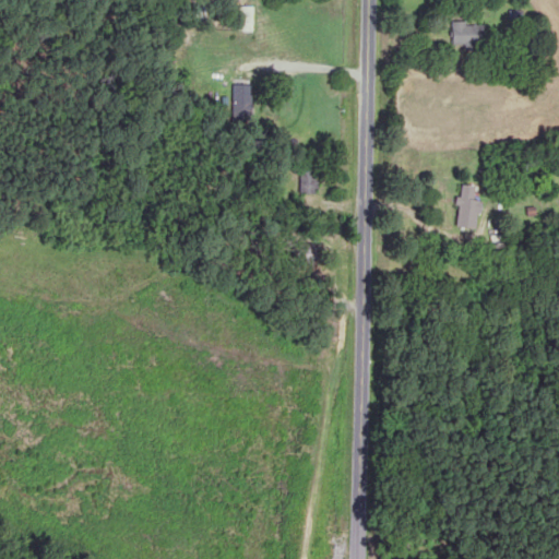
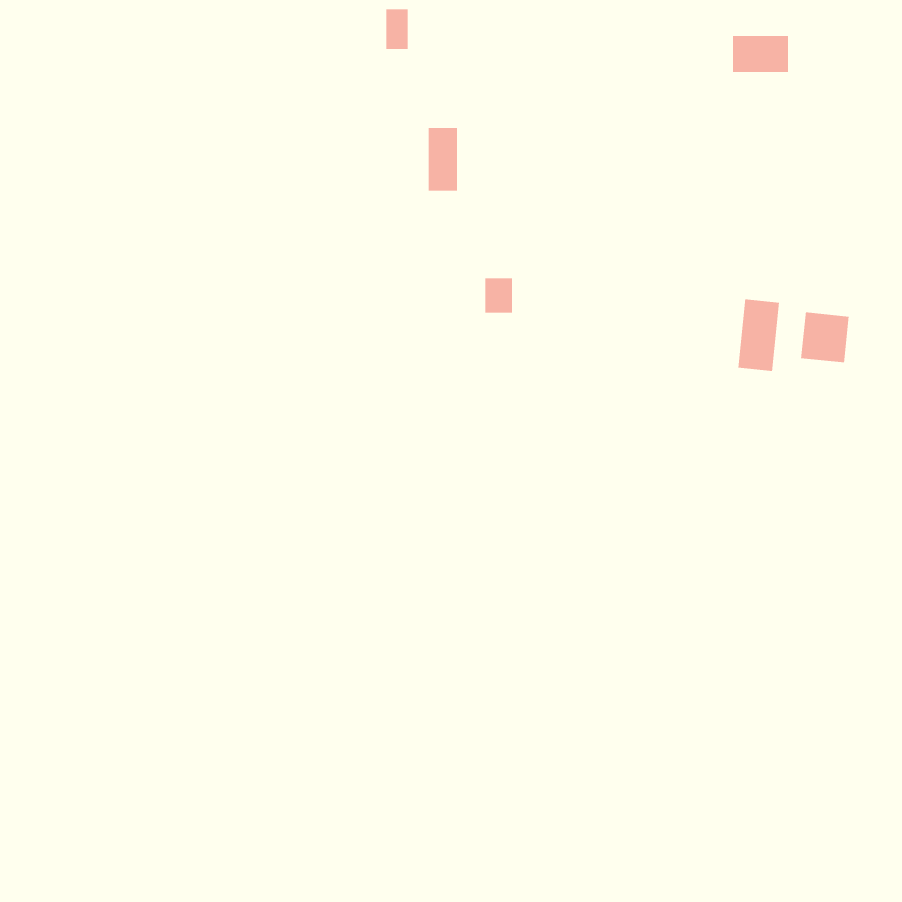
building: [233,84,251,123] -> [428,128,458,191]
building: none -> [801,312,849,363]

